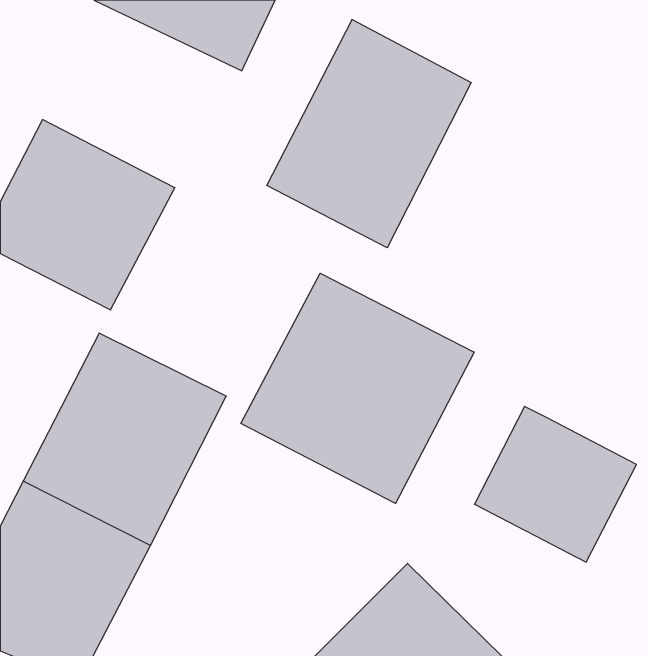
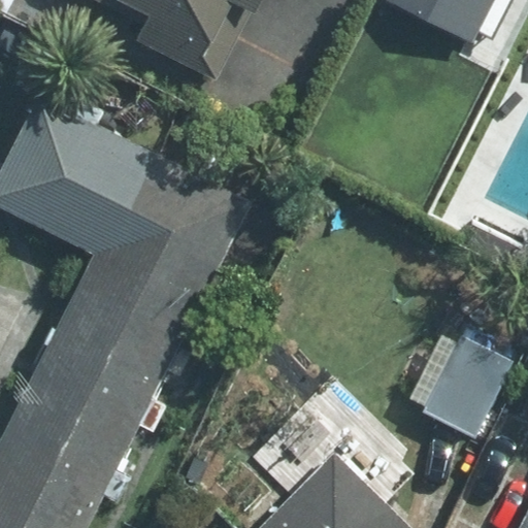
building: [267,19,471,248] -> none
building: none -> [87,152,249,319]
building: [241,273,474,503] -> none

